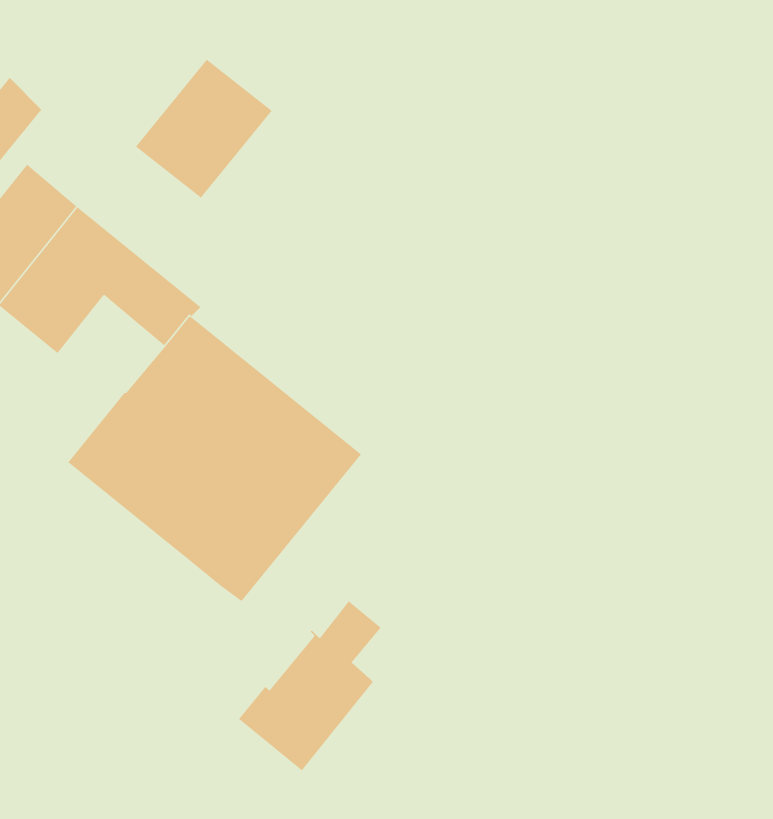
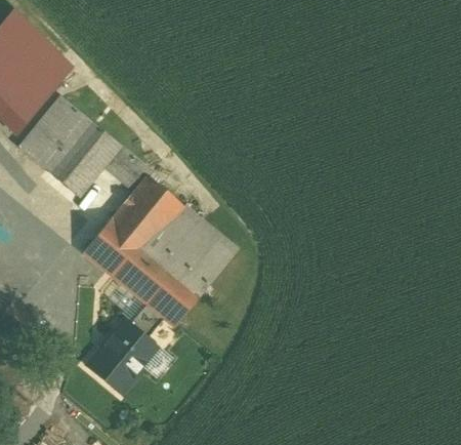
building: [135,59,272,198] -> none
building: [238,601,382,771] -> [85,302,161,393]

